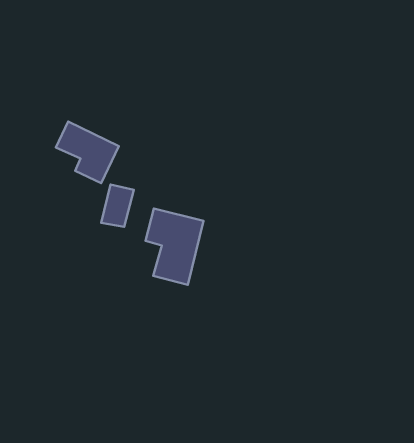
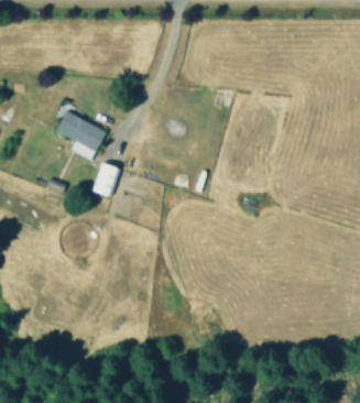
building: [146,208,204,285] -> none

